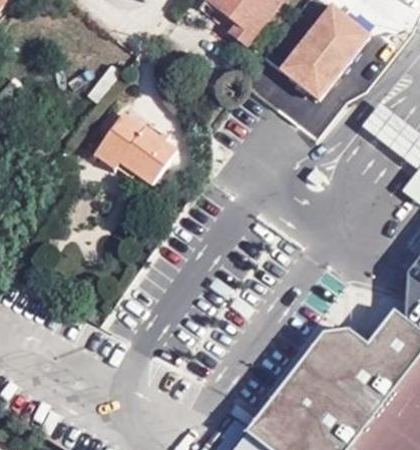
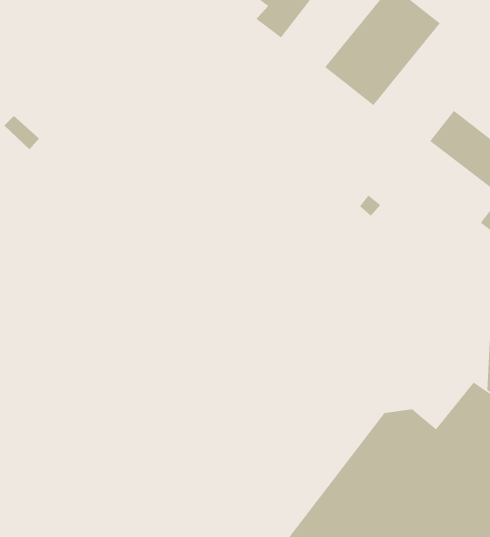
building: [93,114,177,186] -> none

